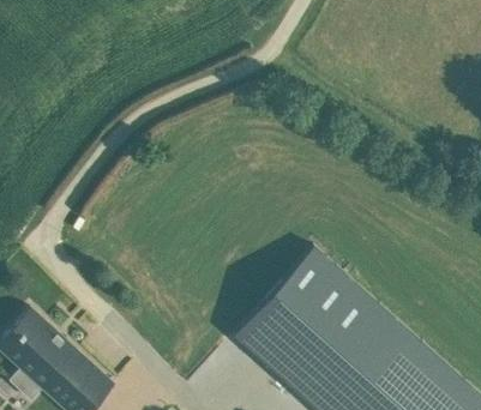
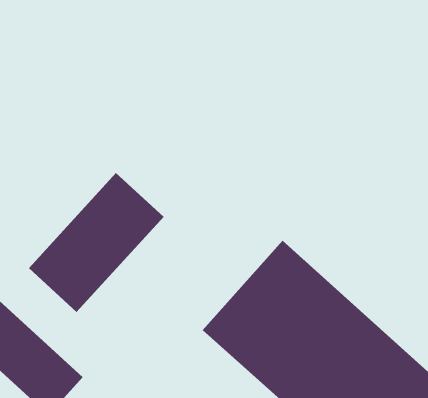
building: none -> [28,172,164,313]

